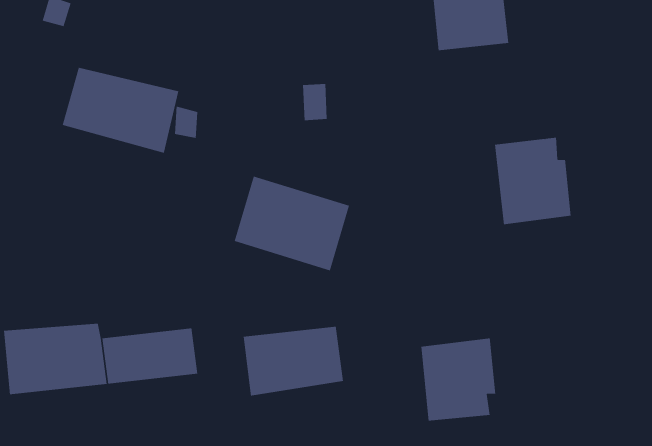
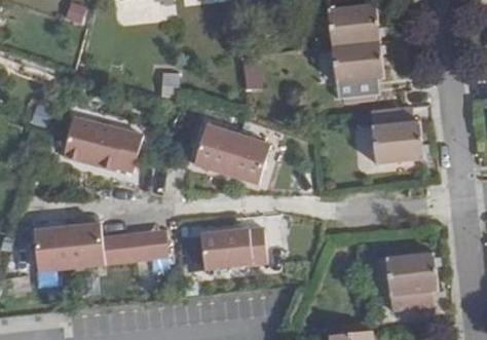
building: none -> [333,34,386,92]
building: [62,67,179,154] -> [61,119,142,179]
building: [420,338,496,421] -> [388,245,441,303]

